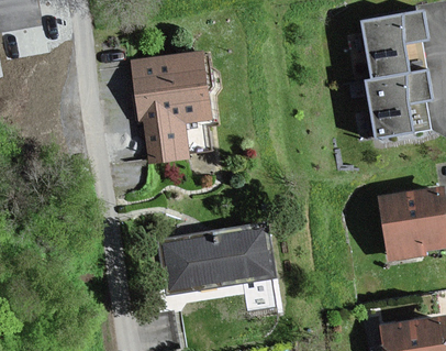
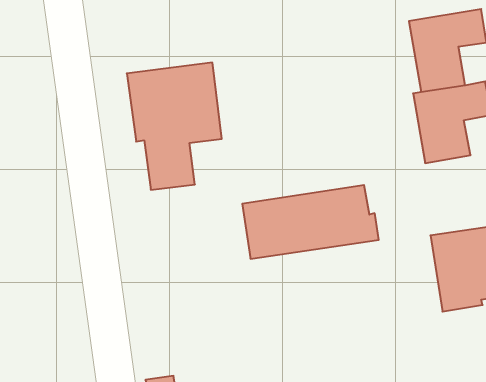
building: [161,229,274,289] -> [242,185,379,259]

